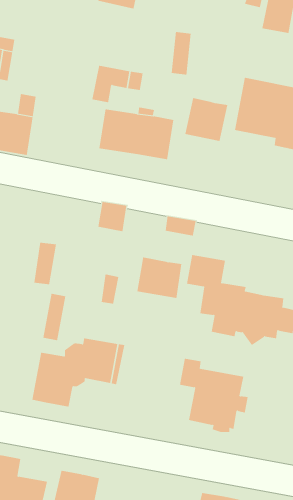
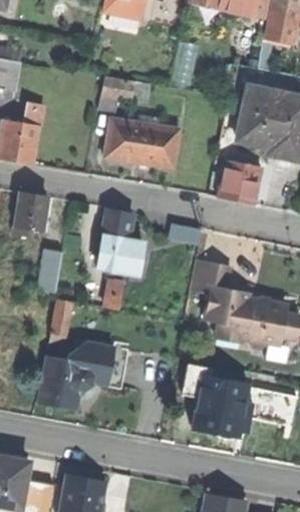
building: [184,98,228,141] -> [218,160,261,203]
building: none -> [13,192,47,236]
building: [136,257,182,299] -> [97,234,142,276]

